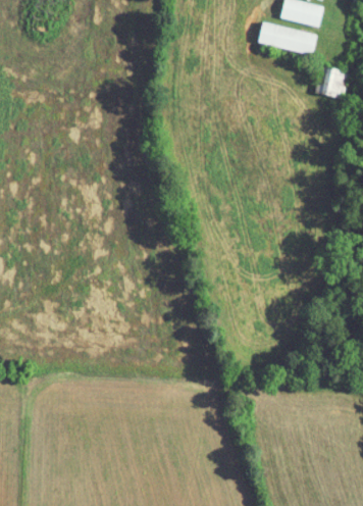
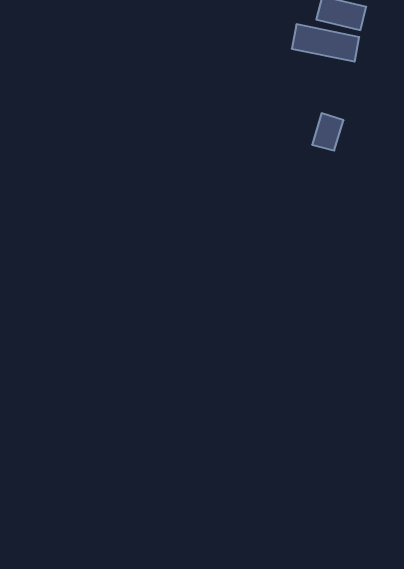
building: [320,66,348,99] -> [312,113,344,151]

